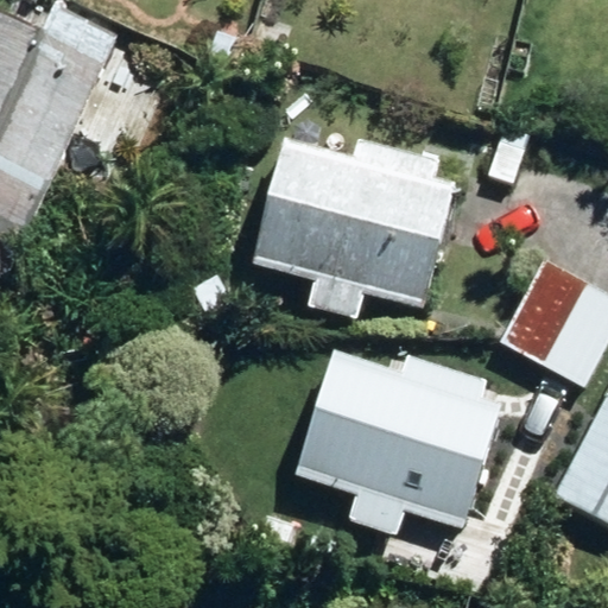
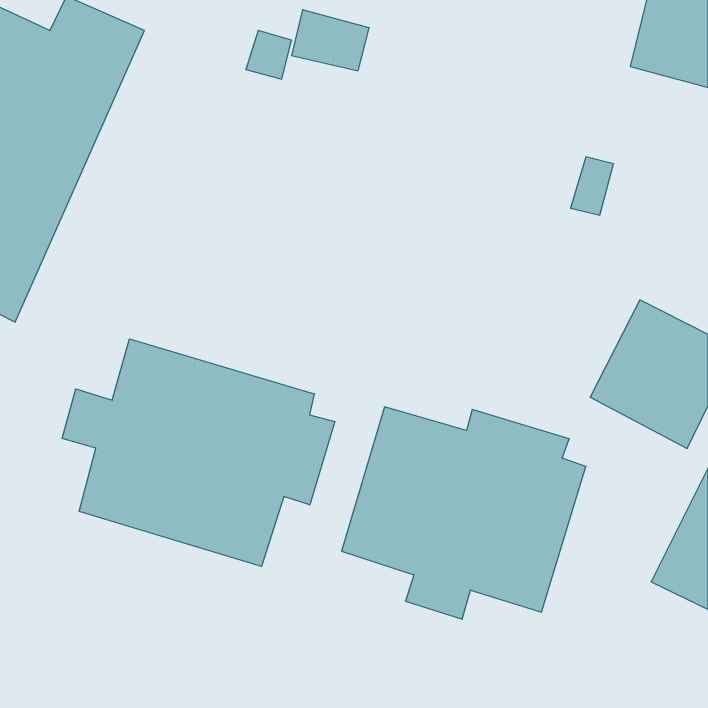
building: [251,139,456,319] -> none
building: none -> [62,339,335,566]

